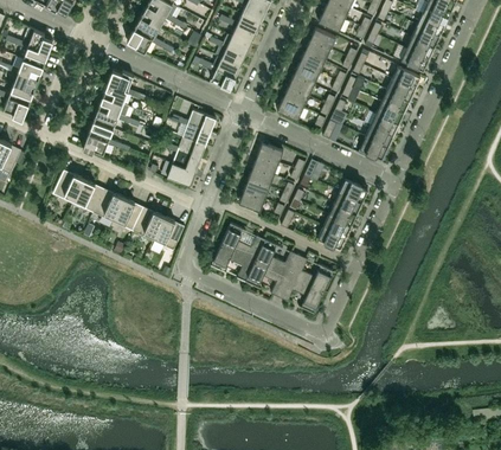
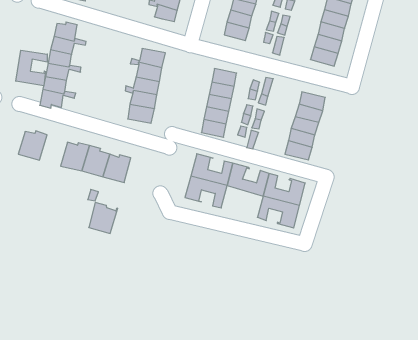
building: none -> [16,50,47,86]
building: [72,180,103,213] -> none
building: [153,217,185,250] -> [89,202,118,233]
building: [245,261,289,297] -> none

